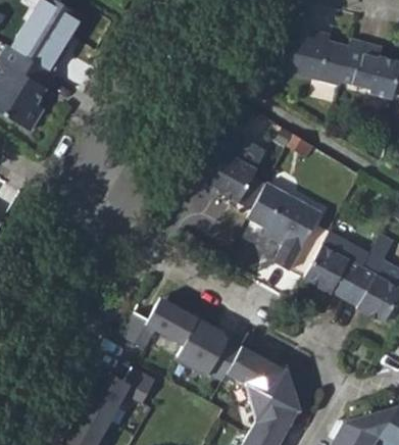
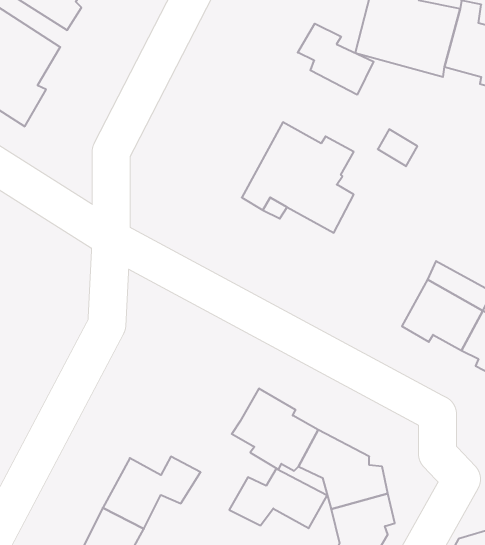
building: none -> [298,24,374,95]
building: [248,179,319,266] -> none
building: [128,299,198,342] -> [229,469,327,528]

